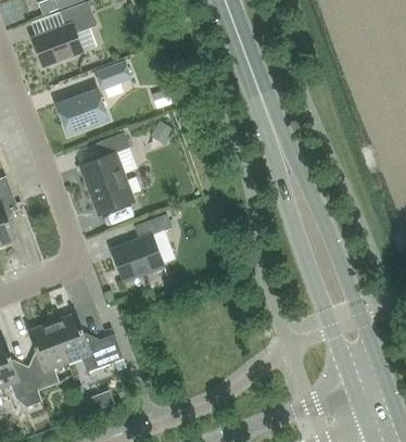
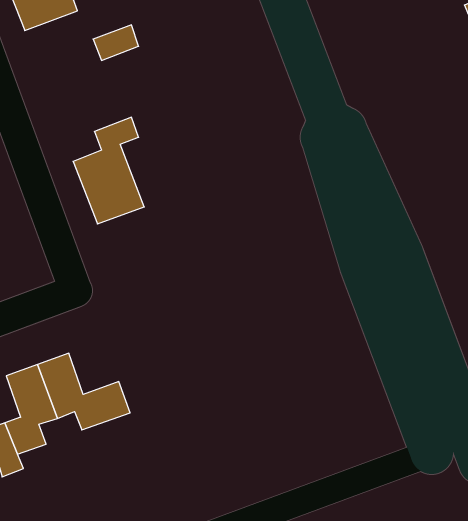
building: [56,89,109,135] -> none
building: [110,214,170,282] -> none

